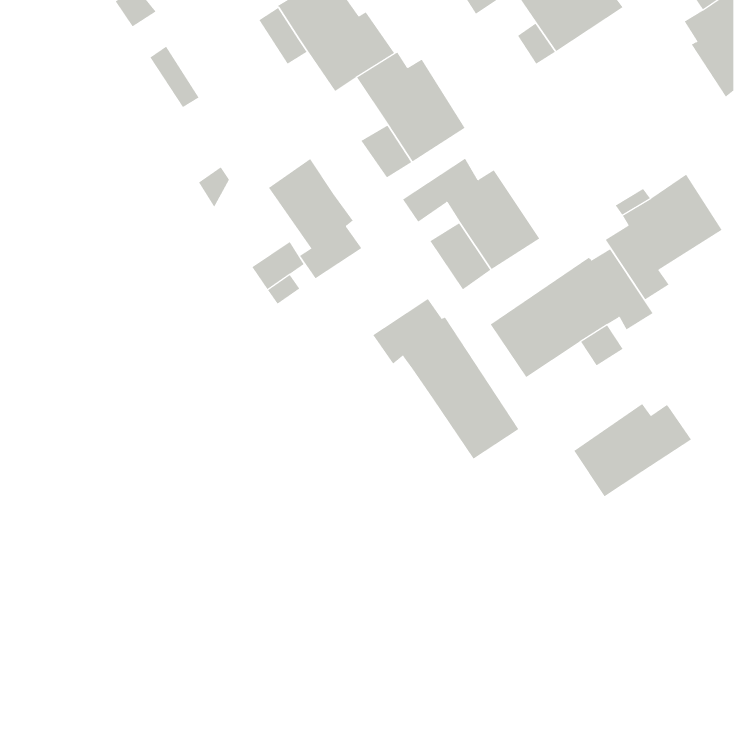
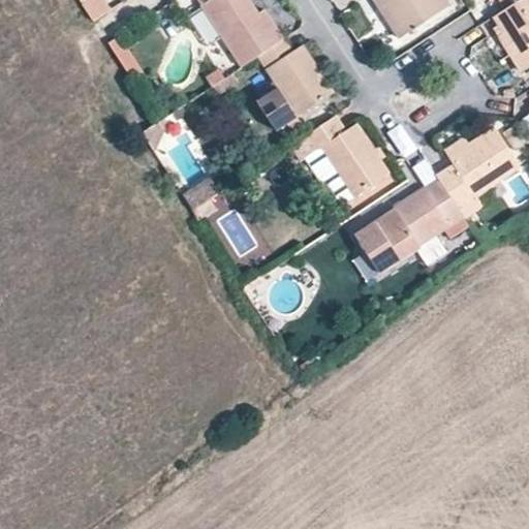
building: [268,158,362,279] -> none
building: [373,298,519,460] -> none
building: [573,403,692,497] -> none

